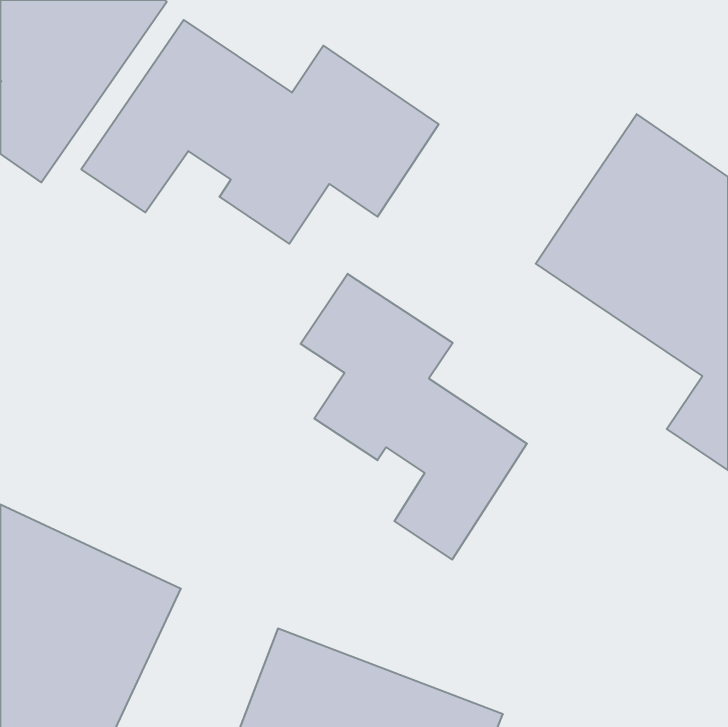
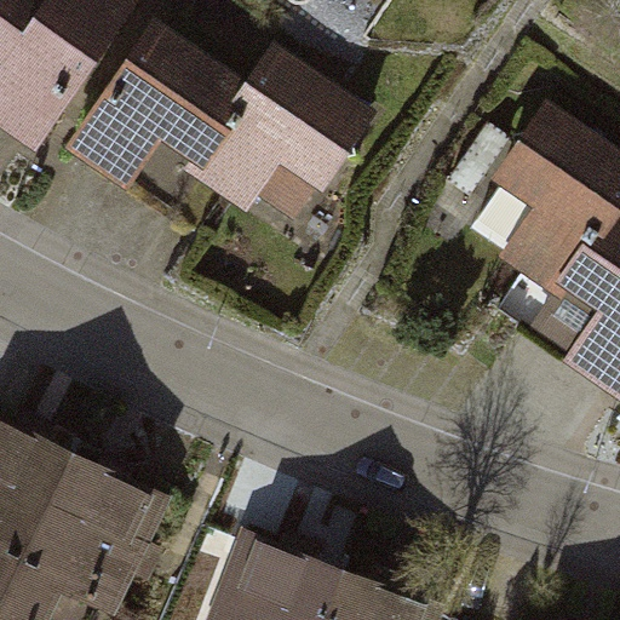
building: [301,274,527,560] -> none

